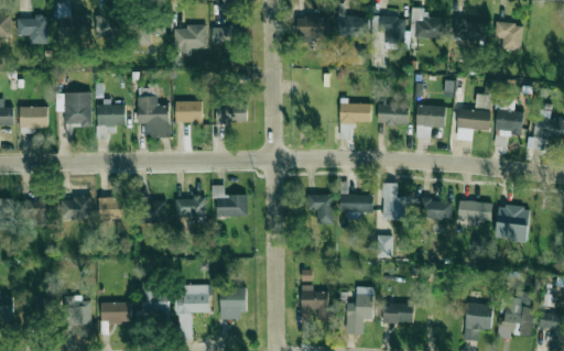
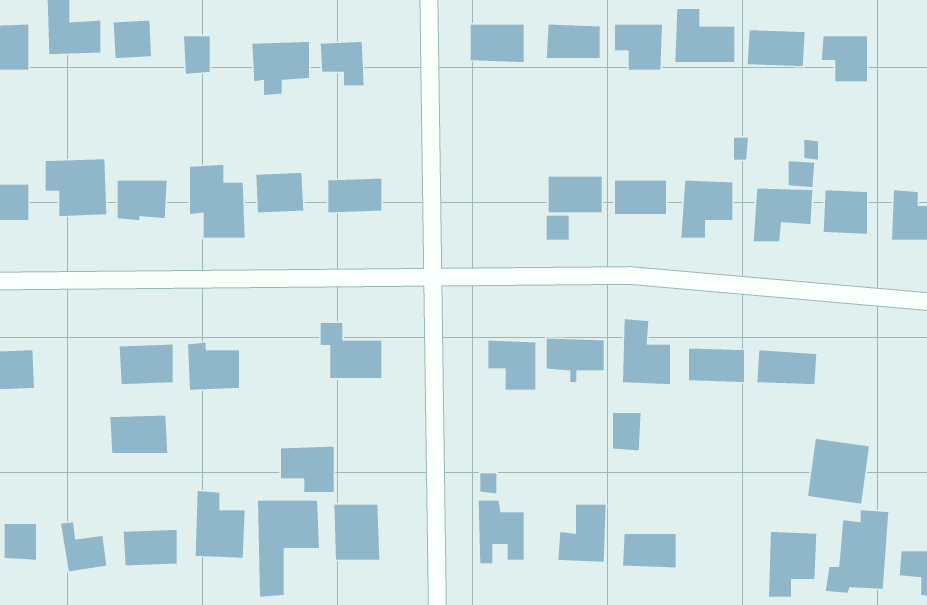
building: [59,197,93,219] -> [110,415,168,454]
building: [175,197,206,223] -> [280,446,335,493]
building: [495,205,530,242] -> [807,438,870,504]

